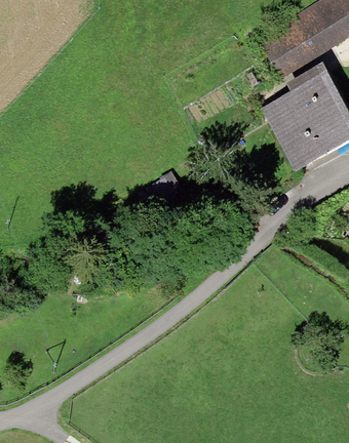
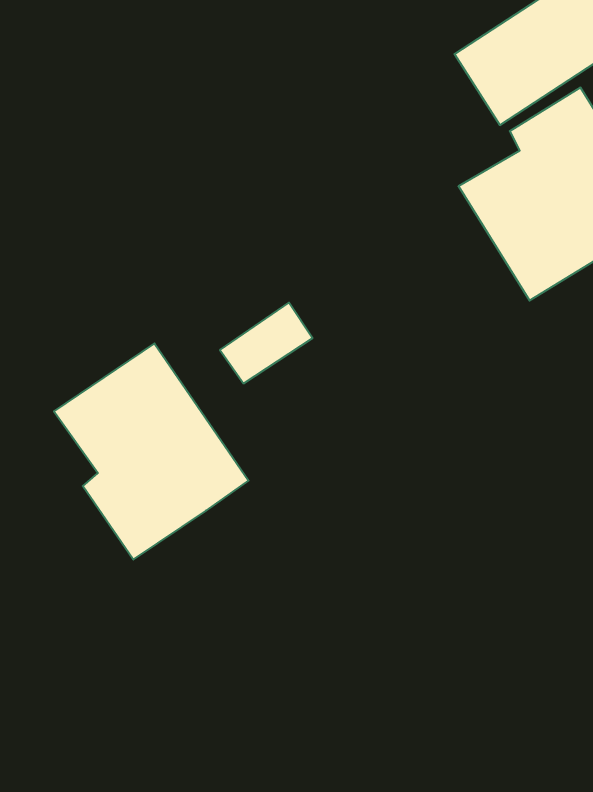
building: none -> [54,343,249,560]

